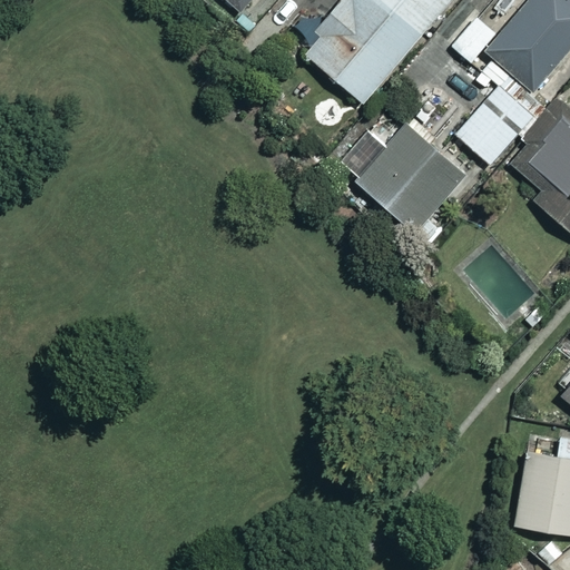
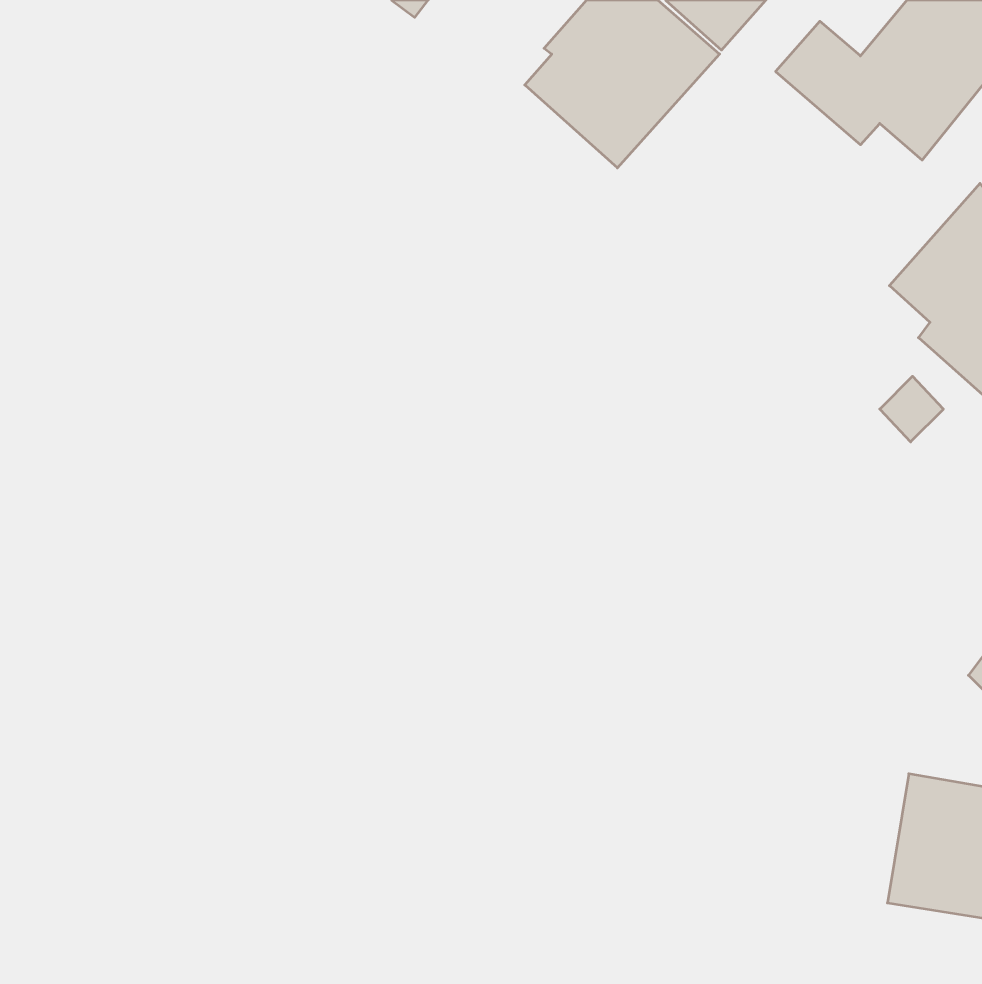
building: [455,102,518,164] -> none
building: [354,120,464,244] -> none

